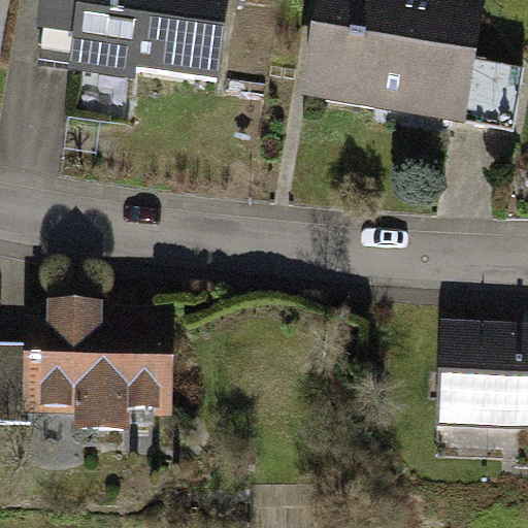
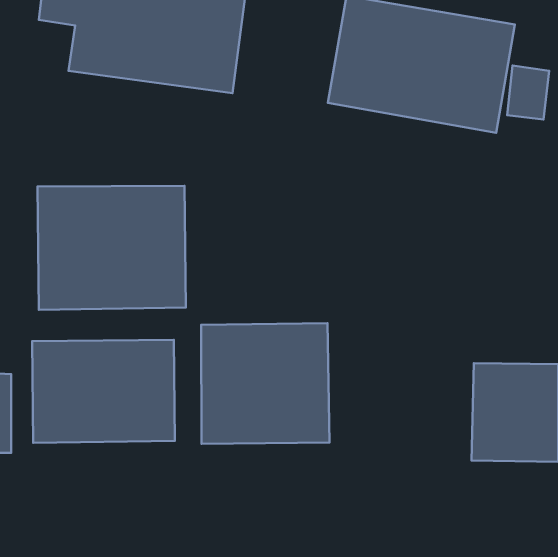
building: none -> [37,186,186,310]
building: none -> [201,323,329,444]

